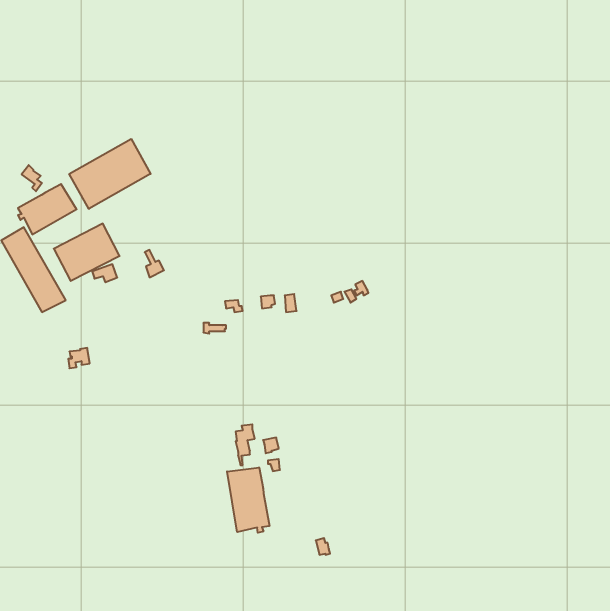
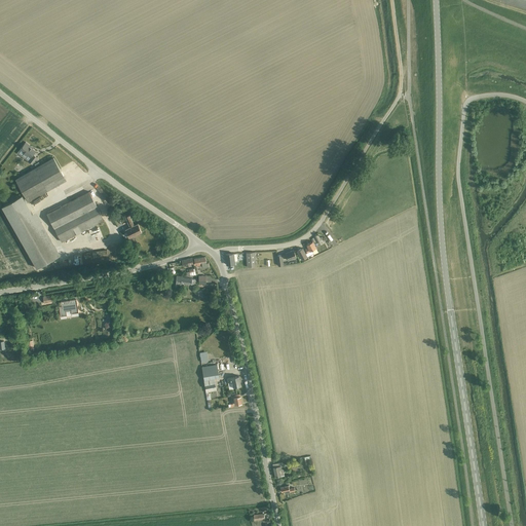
building: [69,139,151,209] -> none
building: [227,467,269,533] -> none

